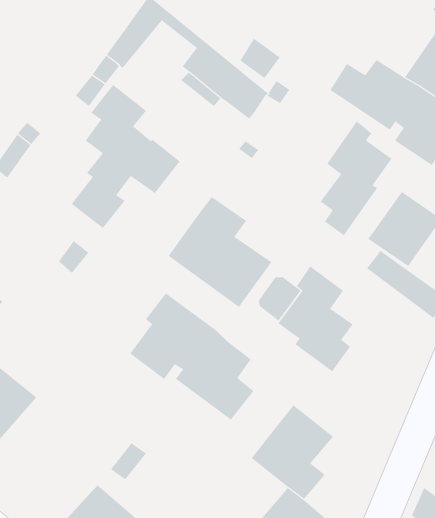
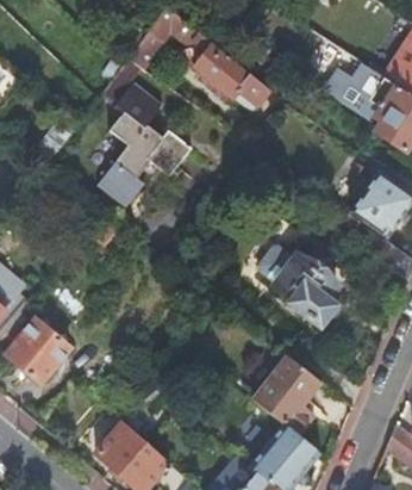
building: [320,121,392,236] -> none
building: [168,196,272,308] -> none
building: [129,292,254,421] -> none

